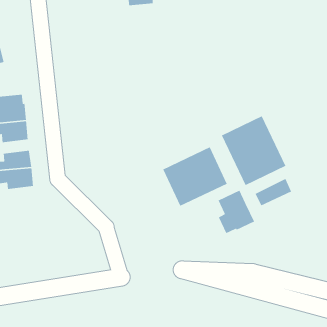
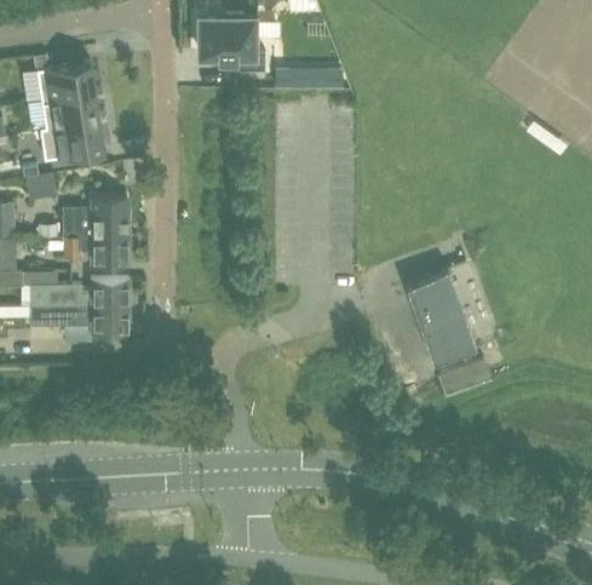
building: [162,146,228,207] -> none
building: [218,190,255,234] -> none

